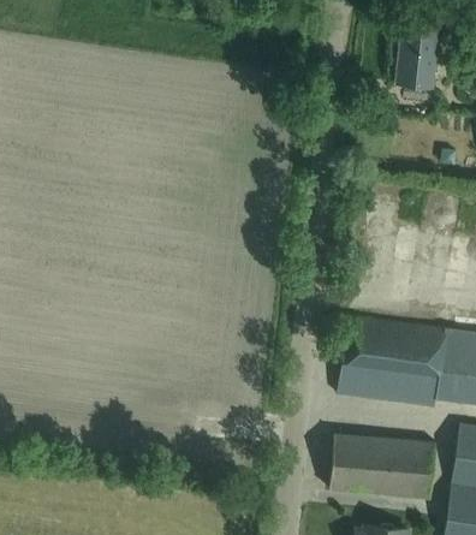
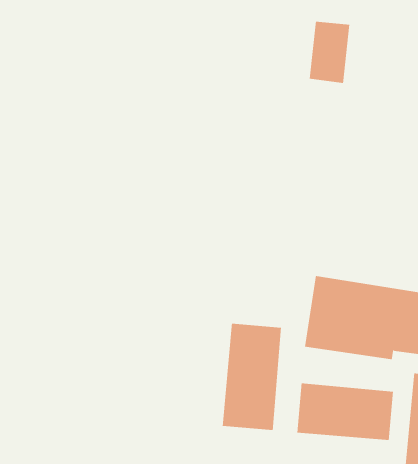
building: [395,18,441,87] -> [309,21,350,83]
building: none -> [222,323,281,431]

